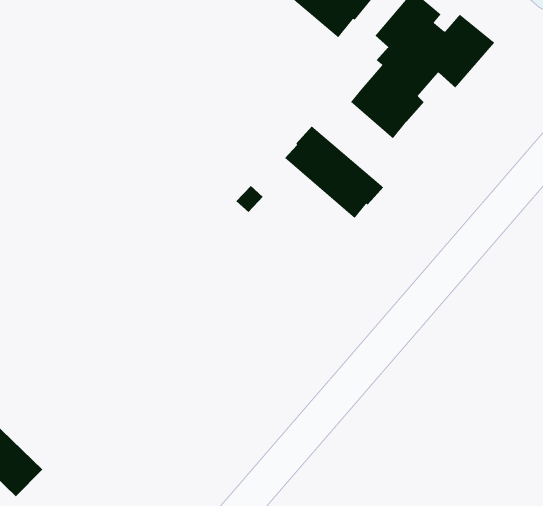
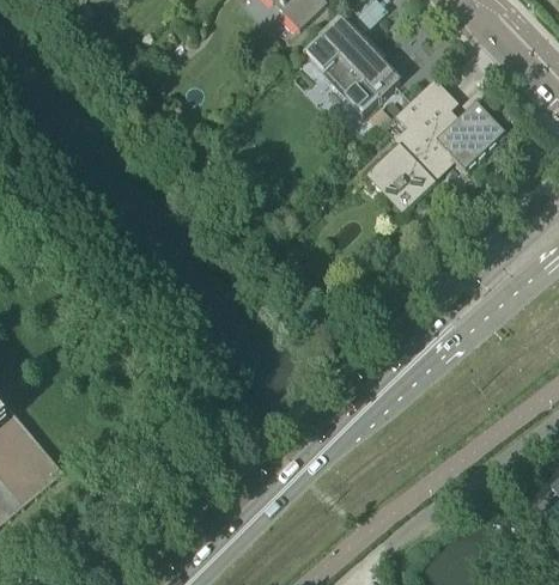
building: [284,125,384,219] -> none

